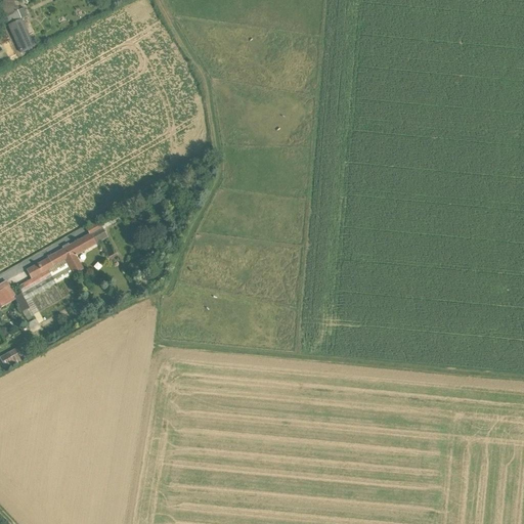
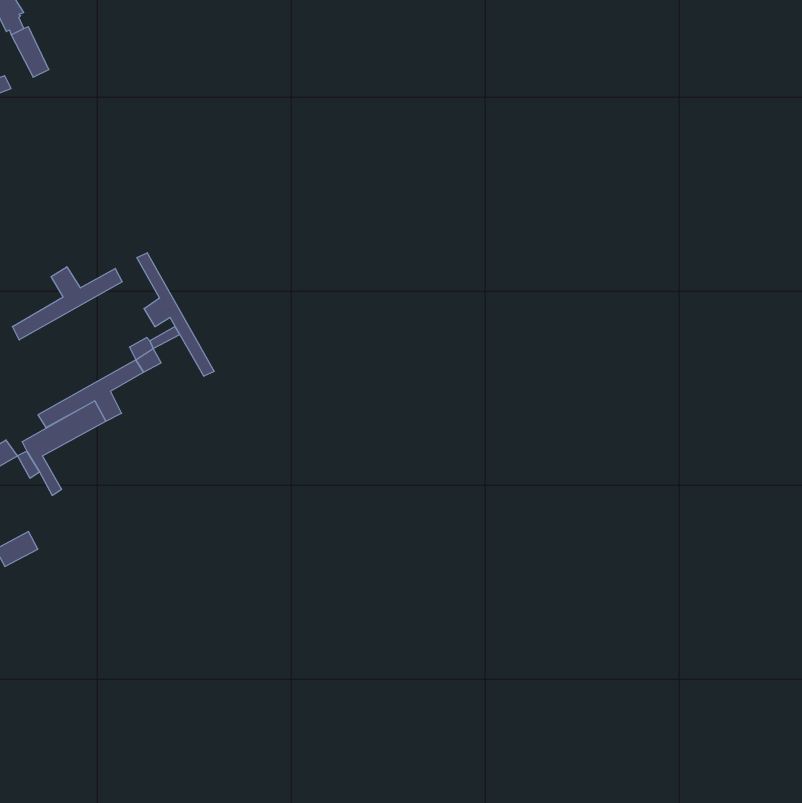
building: none -> [137,253,214,376]
building: none -> [12,267,122,340]

